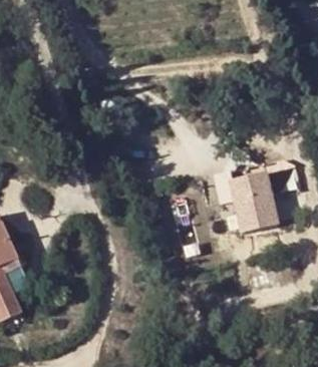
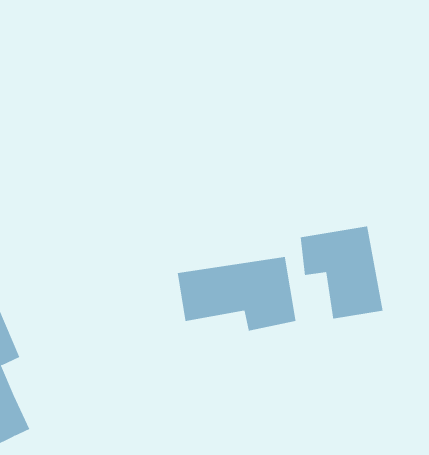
building: none -> [177,256,296,331]

